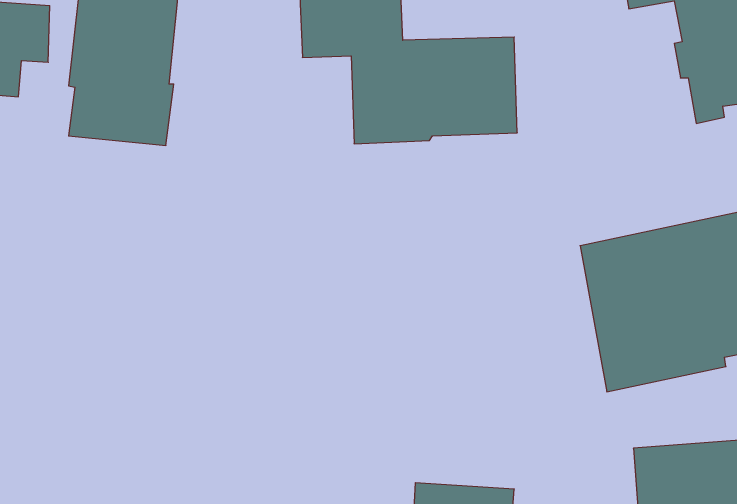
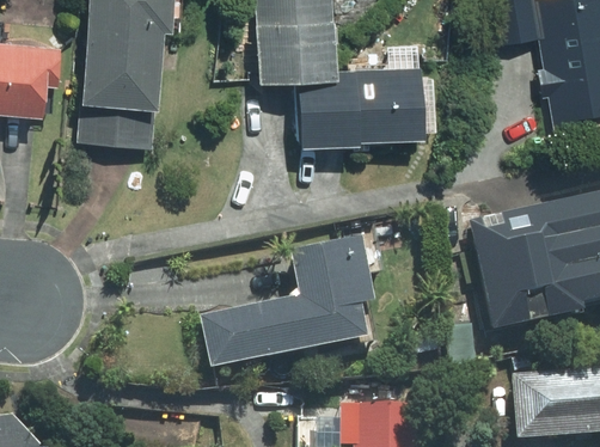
building: none -> [198,238,374,369]

